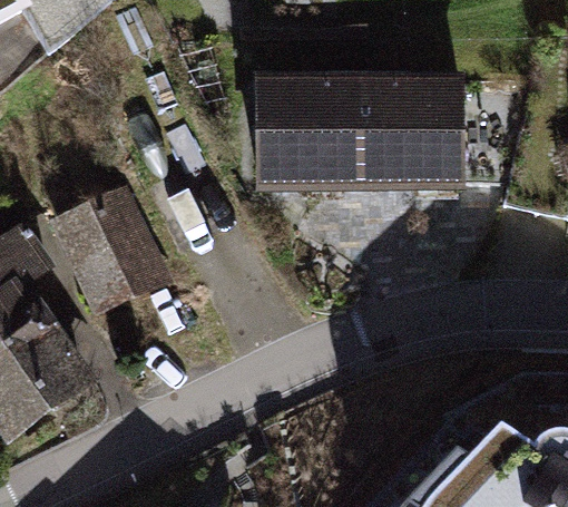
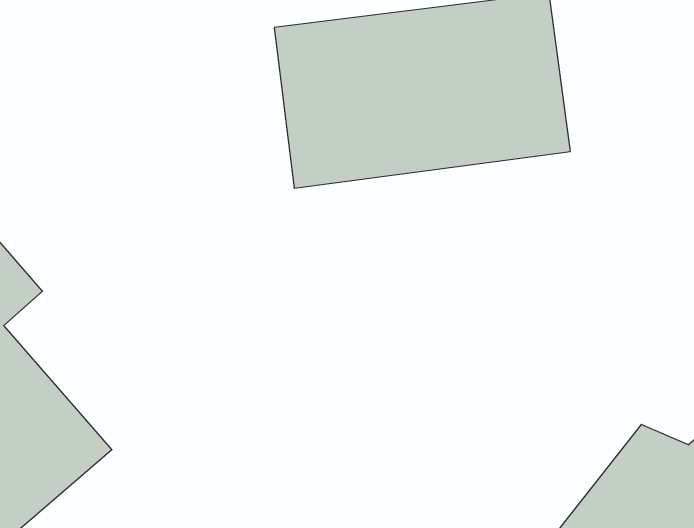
building: [49,178,174,314] -> none

